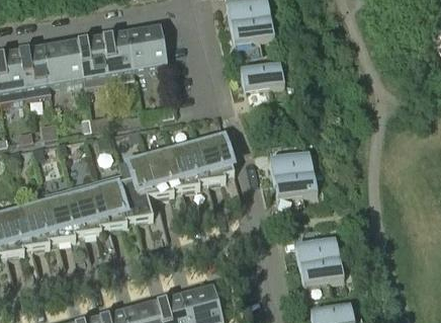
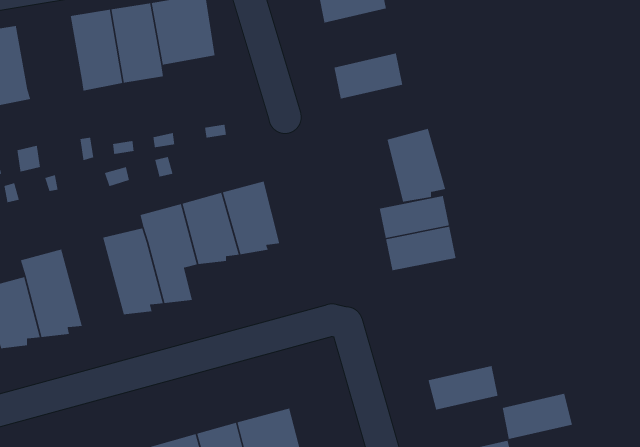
building: [41,37,82,83] -> none
building: [196,134,234,180] -> [386,128,446,202]
building: [70,176,108,232] -> none
building: [294,236,339,265] -> [502,393,573,440]

